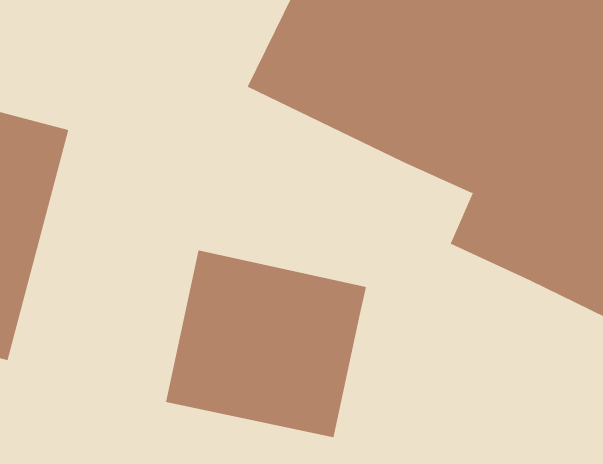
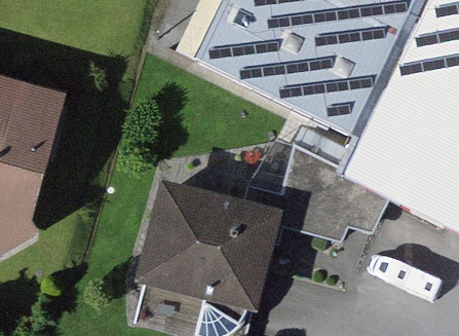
building: none -> [272,117,389,241]

